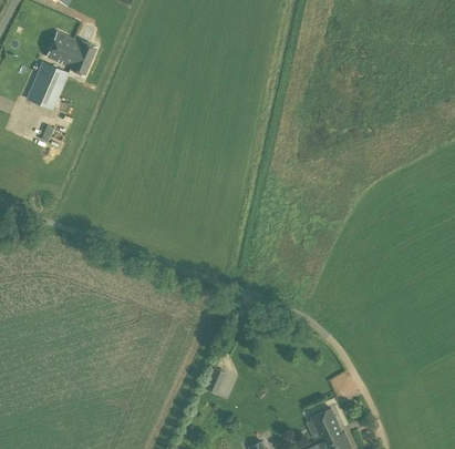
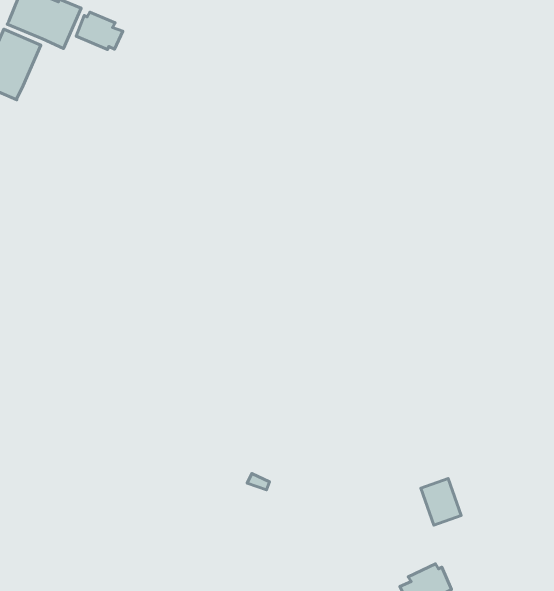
building: none -> [76,12,123,49]
building: [311,408,340,438] -> none

